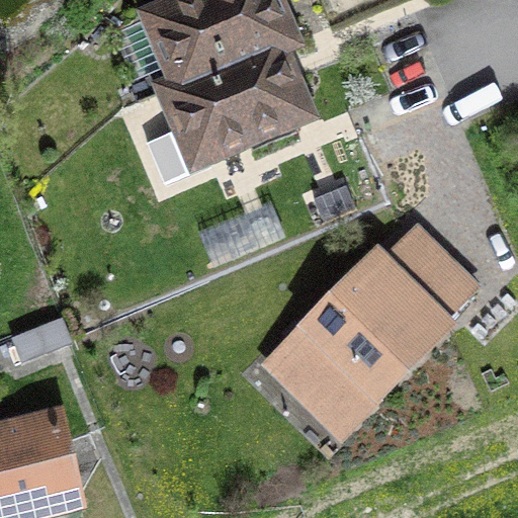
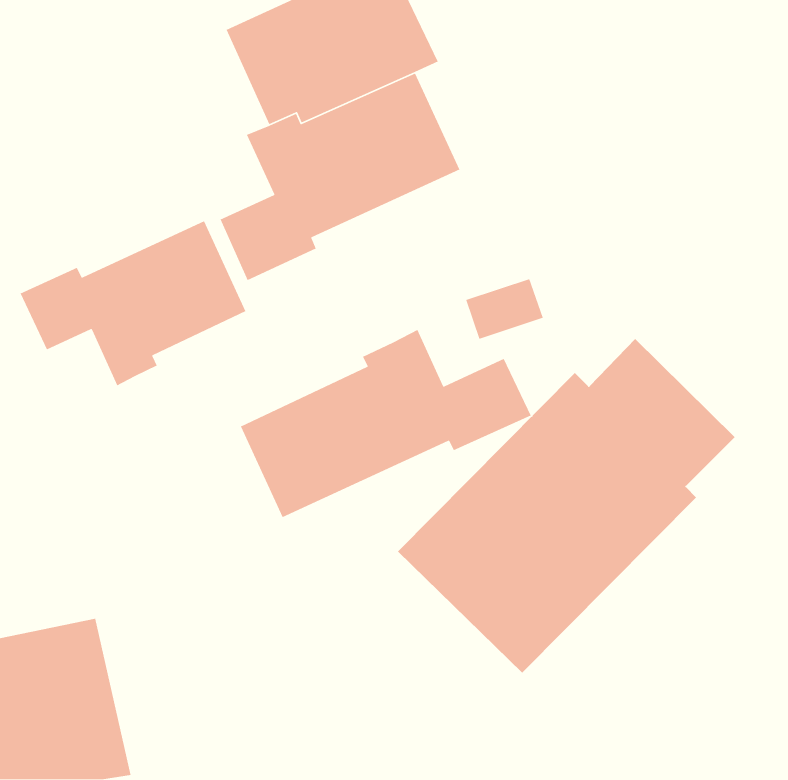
building: none -> [19,220,247,386]
building: none -> [240,329,532,518]

